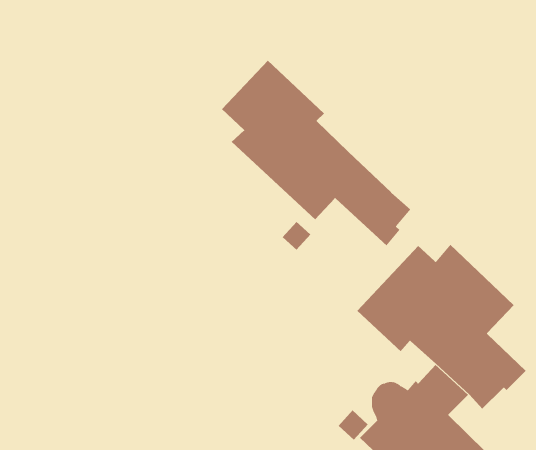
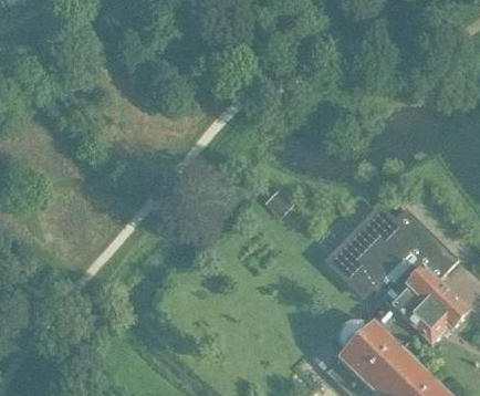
building: [221,60,411,246] -> none

